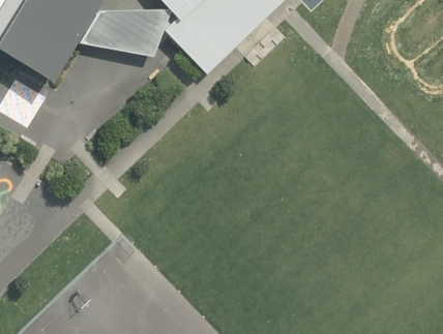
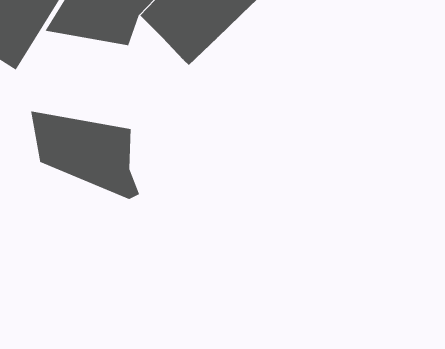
building: none -> [31,110,140,200]

